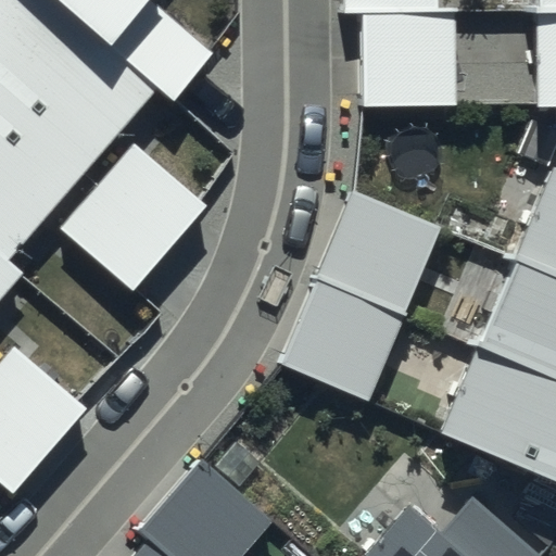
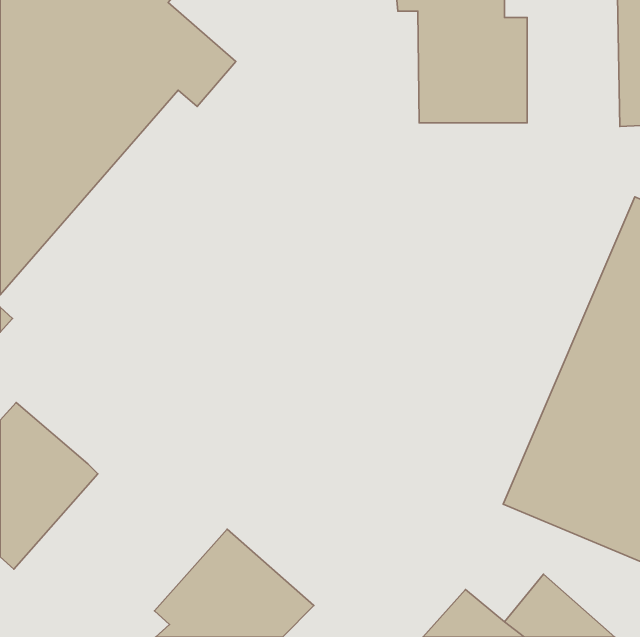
building: [61,144,206,292] -> none
building: [277,190,442,401] -> none

